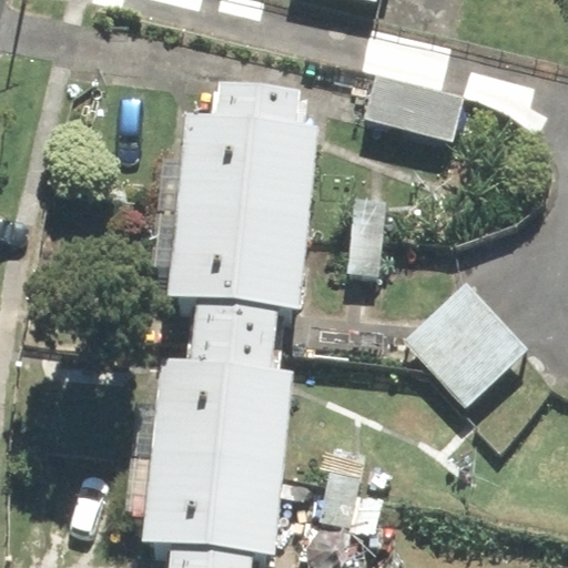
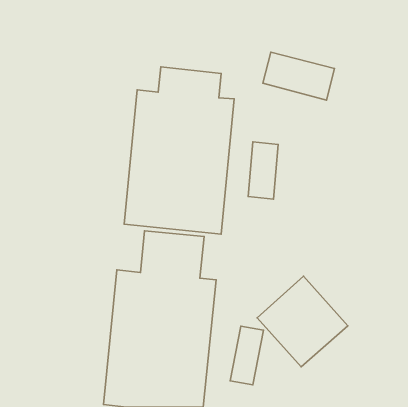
building: [398,281,521,404] -> [257,276,348,367]

